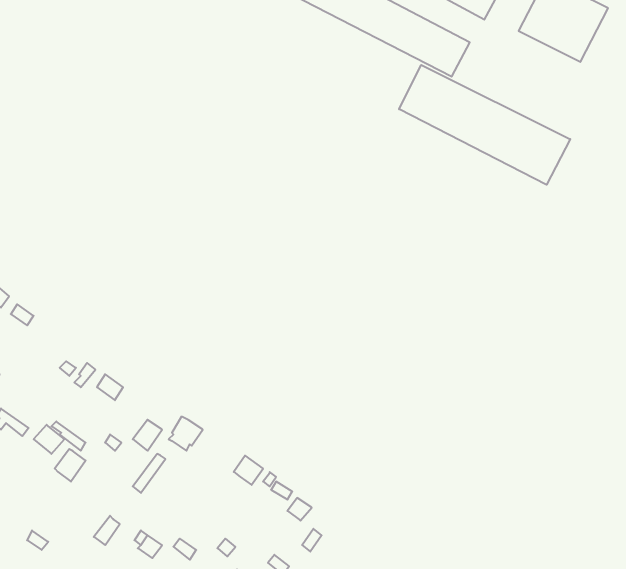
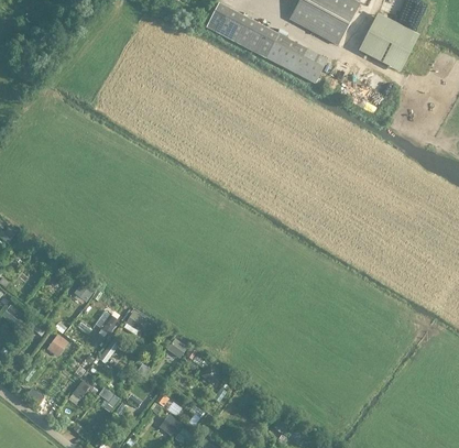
building: [399,65,570,185] -> none

